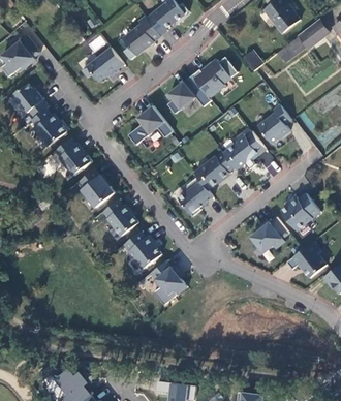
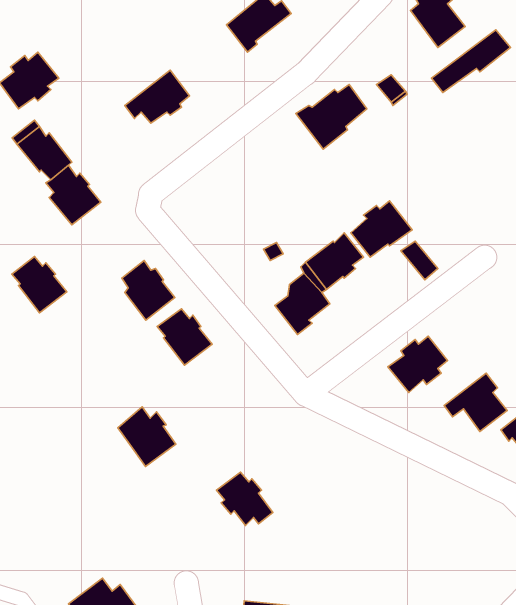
building: [123,14,160,58] -> none
building: [167,73,211,112] -> none
building: [127,103,172,144] -> none
building: [257,103,291,142] -> none
building: [55,137,90,174] -> [12,256,67,313]
building: [281,192,320,229] -> none
building: [124,229,161,268] -> [118,407,176,467]
building: [150,259,186,294] -> [216,472,273,525]

